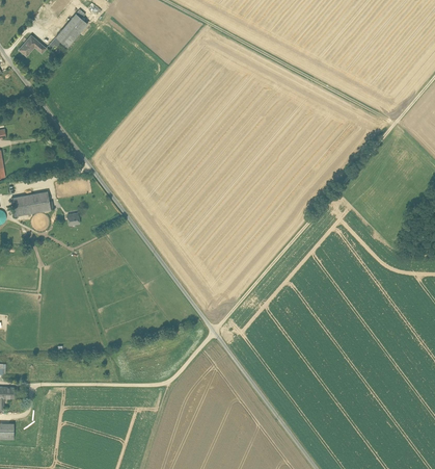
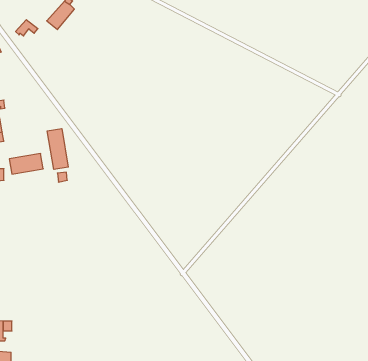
building: none -> [47,129,68,169]

